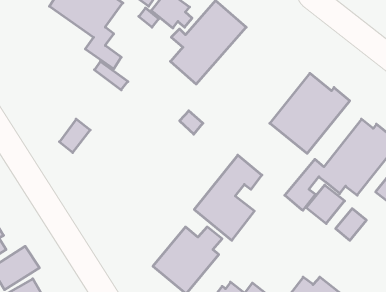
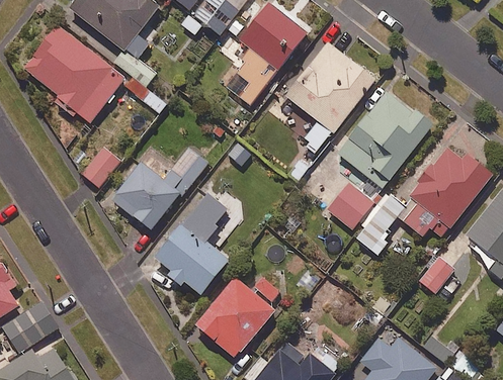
building: none -> [24,25,124,123]
building: none -> [285,42,375,157]
building: none -> [111,148,205,230]
building: [194,155,262,240] -> [156,192,238,295]
building: [306,185,345,224] -> [327,183,373,229]

